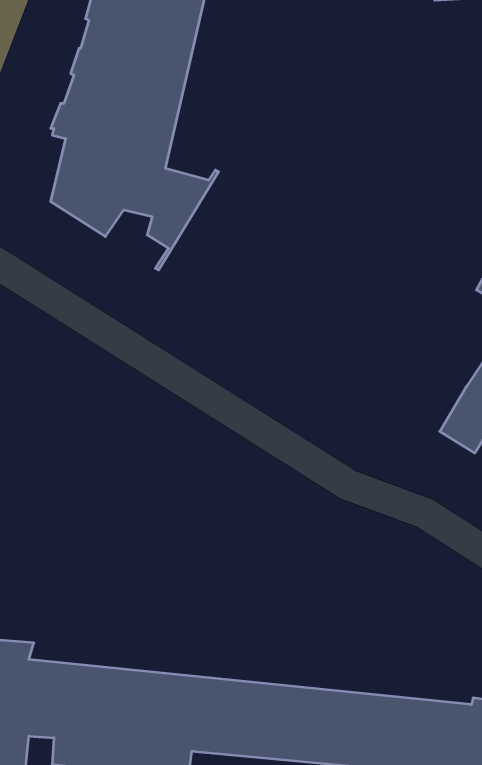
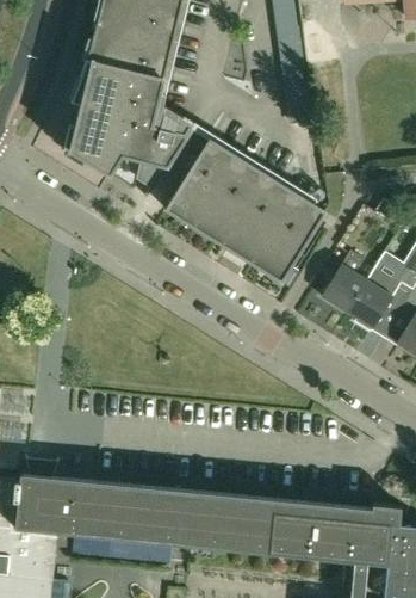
building: none -> [166,138,325,280]
building: none -> [323,251,368,313]

